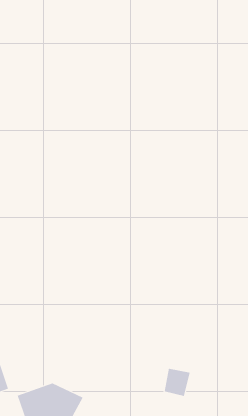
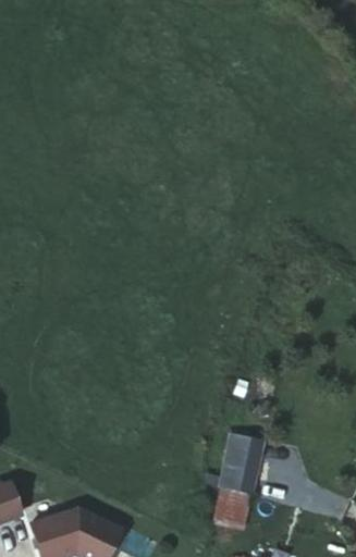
building: none -> [221,433,263,492]

